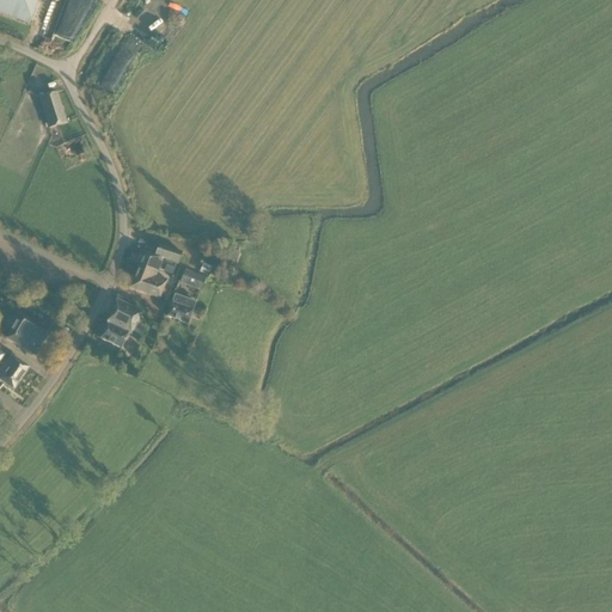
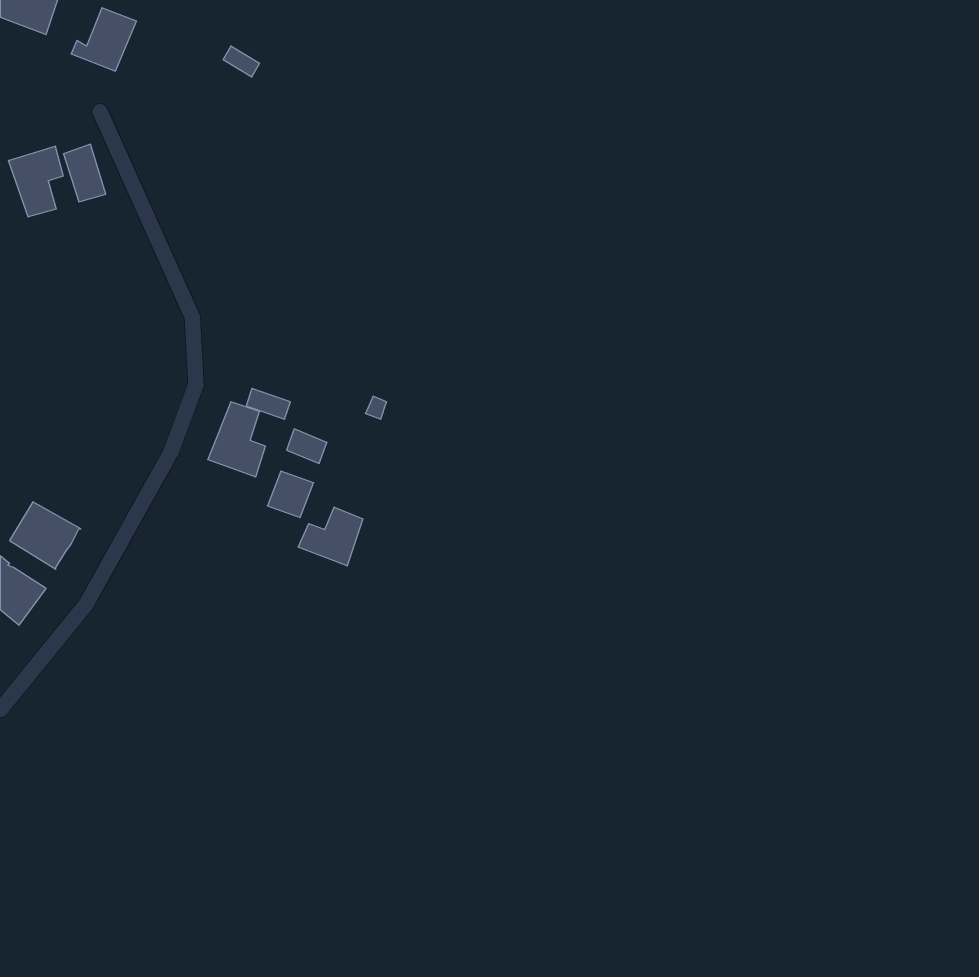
building: none -> [9,146,63,217]
building: [102,296,145,347] -> none
building: none -> [298,507,363,566]

